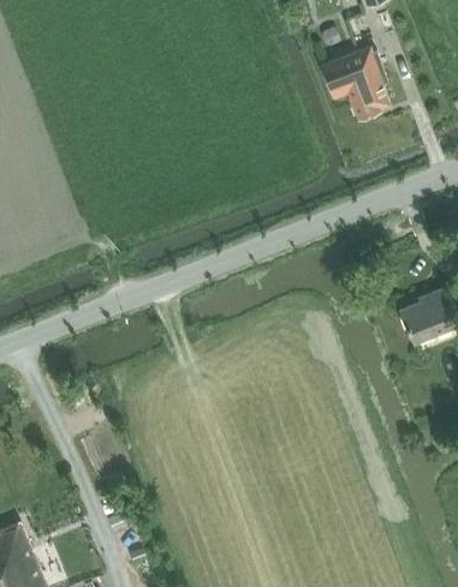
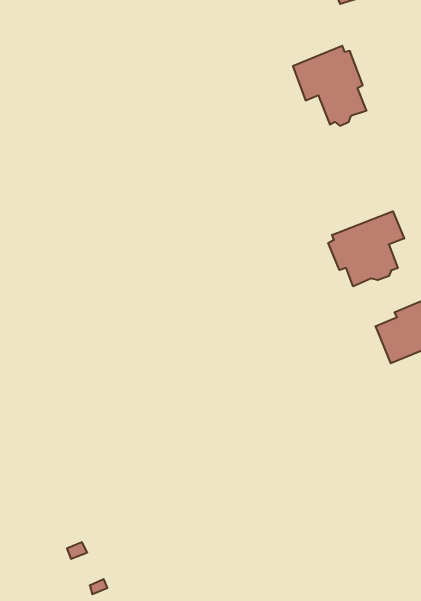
building: none -> [328,211,404,286]

